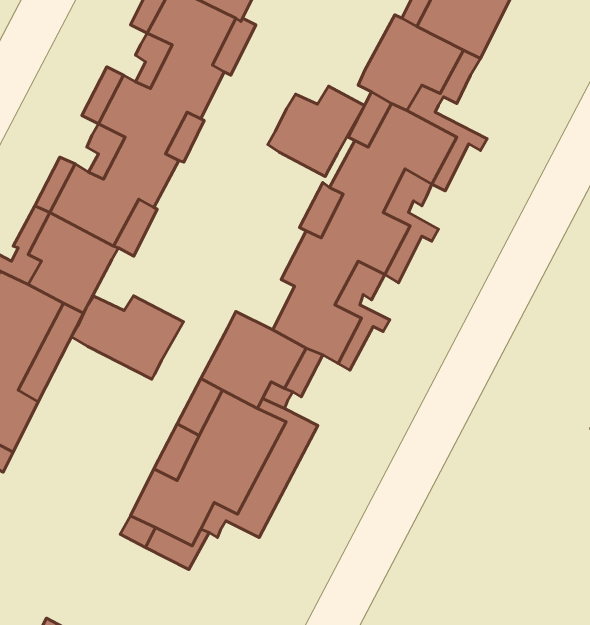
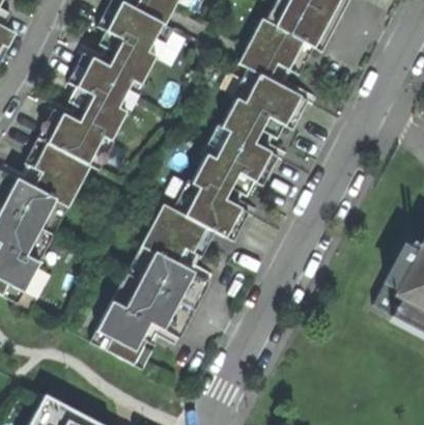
building: [268,86,365,176] -> none
building: [72,296,184,379] -> none

